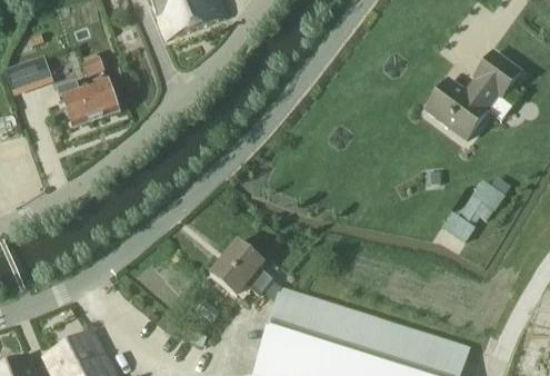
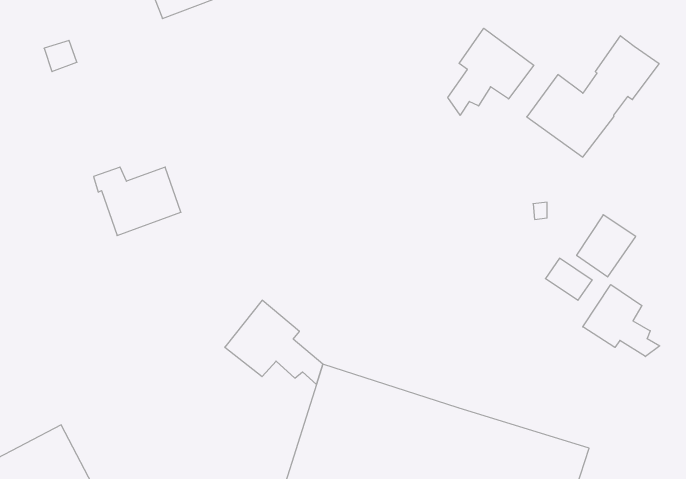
building: none -> [448,28,534,115]
building: [56,78,118,127] -> [94,167,181,236]
building: none -> [583,285,660,357]

